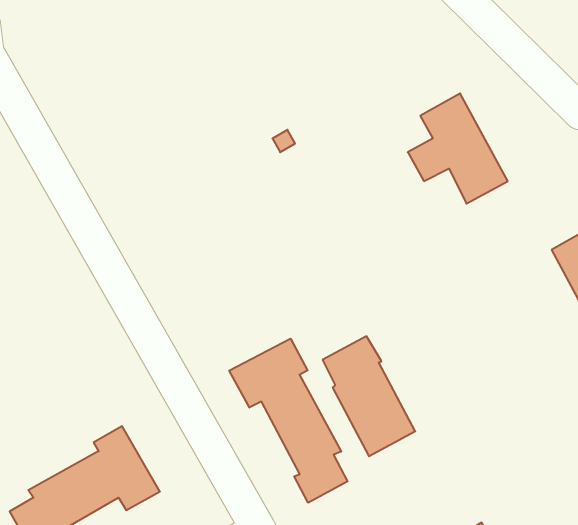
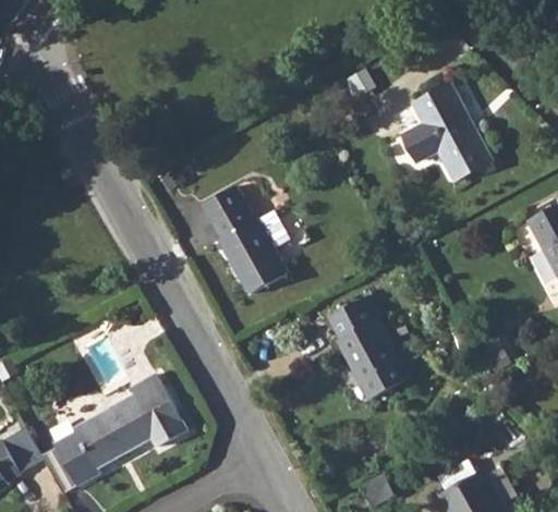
building: none -> [202,186,289,294]
building: [229,339,348,503] -> none

